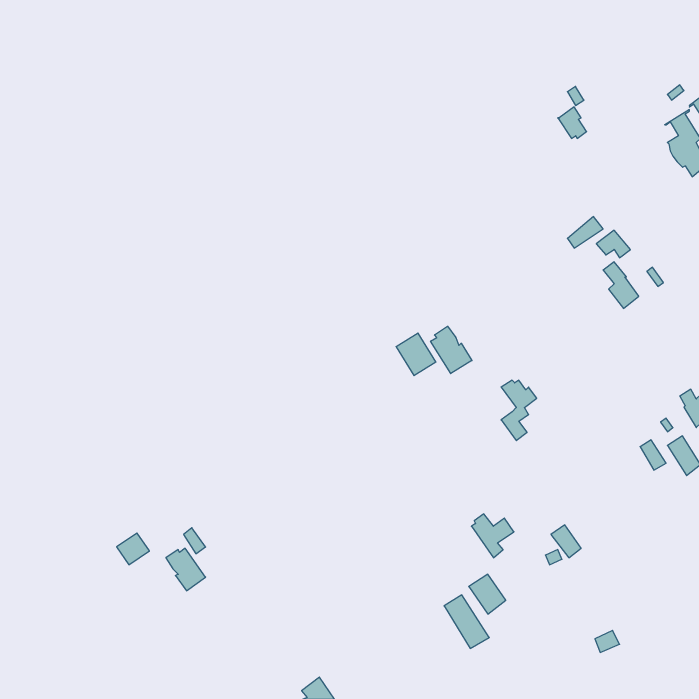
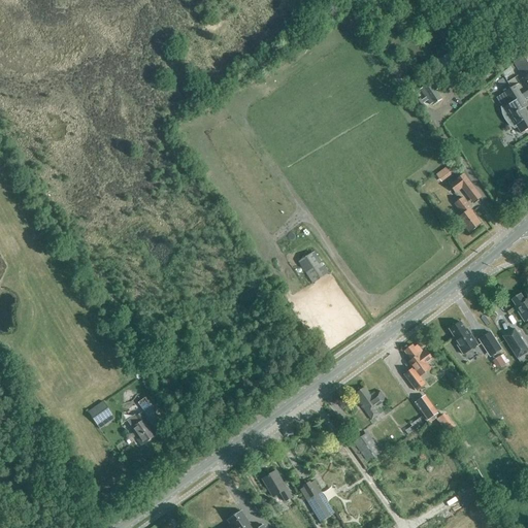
building: [431,326,472,374] -> none
building: [501,380,537,441] -> [406,344,433,390]
building: none -> [450,322,478,354]
building: [444,595,489,648] -> [301,481,335,521]
building: none -> [263,470,292,500]

